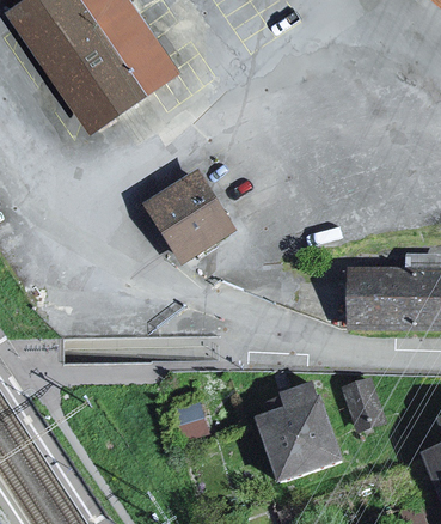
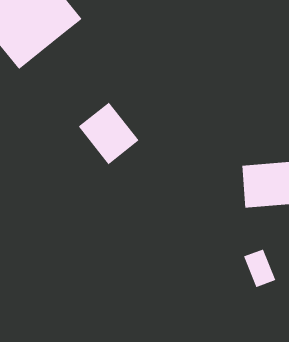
building: [252,385,338,481] -> none

